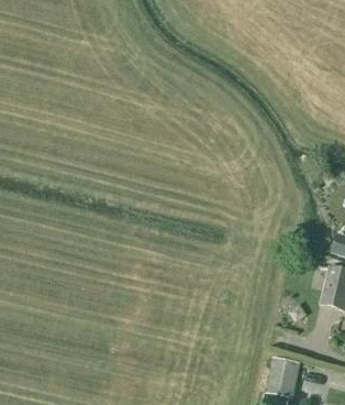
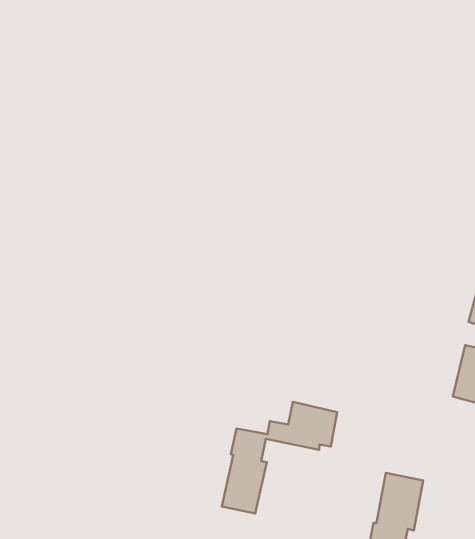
building: none -> [222,402,337,513]

